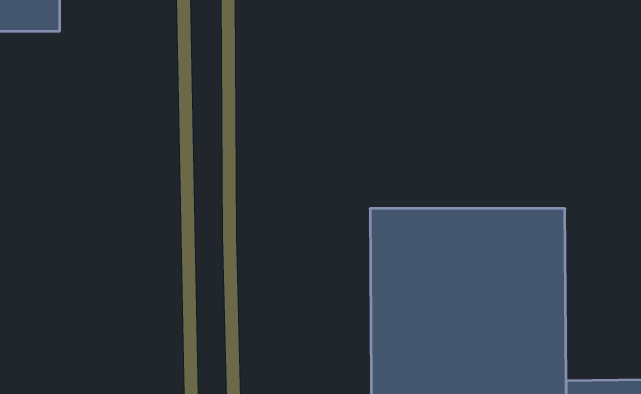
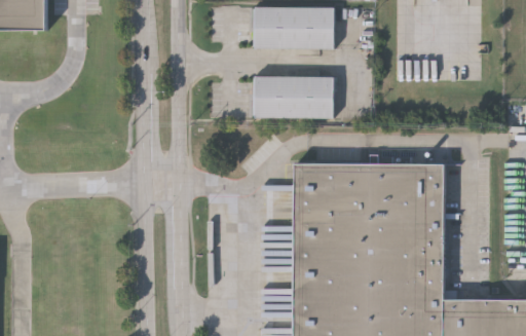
building: none -> [255,9,336,49]
building: none -> [253,78,336,120]

